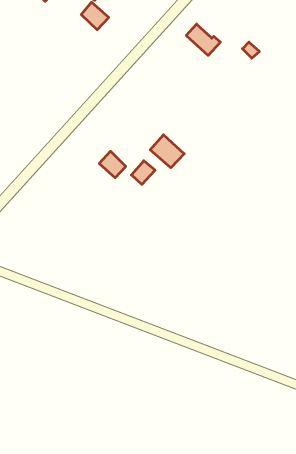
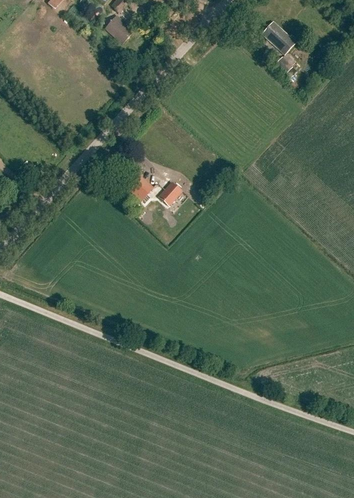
building: [186,24,220,55] -> [262,21,298,54]
building: [150,135,184,168] -> none

